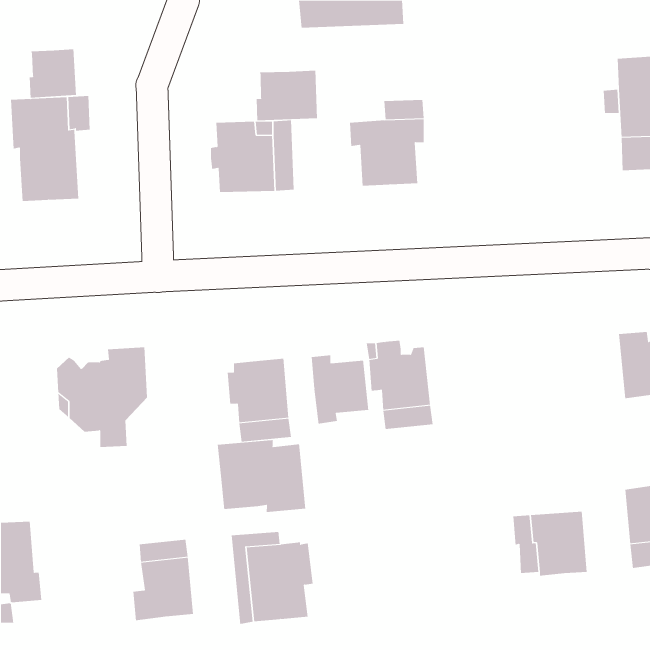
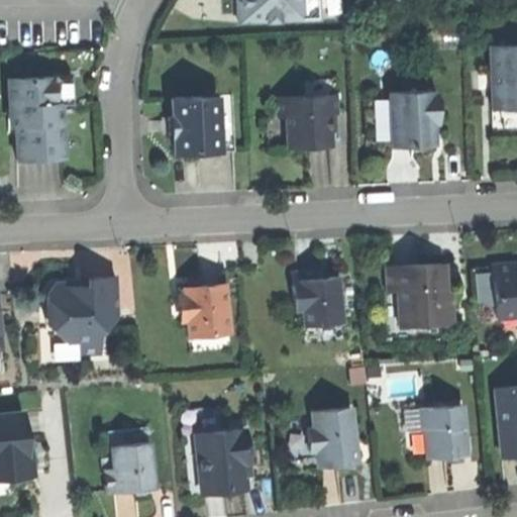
building: [29,48,77,99] -> none
building: [256,70,317,121] -> none
building: none -> [390,92,438,147]
building: none -> [386,264,453,325]
building: [311,355,369,424] -> none
building: [217,439,306,513] -> none
building: none -> [307,408,357,467]

